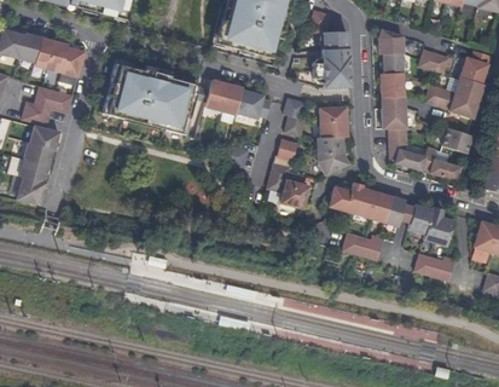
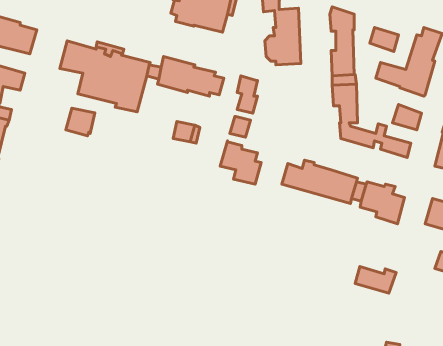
building: [101,91,130,119] -> [66,108,95,136]
building: [318,106,349,175] -> none
building: [344,235,384,260] -> none
building: [414,254,456,281] -> [355,267,396,293]

